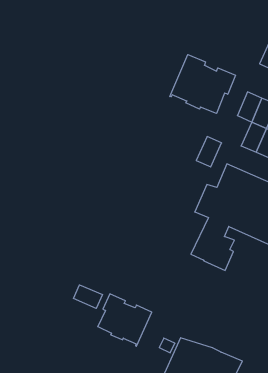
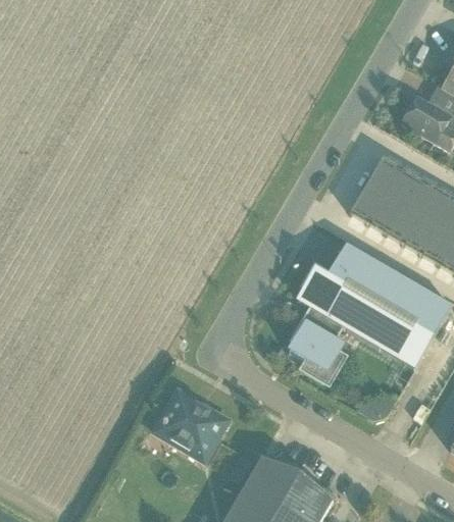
building: [170,55,236,113] -> none
building: [196,137,222,167] -> [349,184,384,222]
building: [74,285,103,308] -> none

